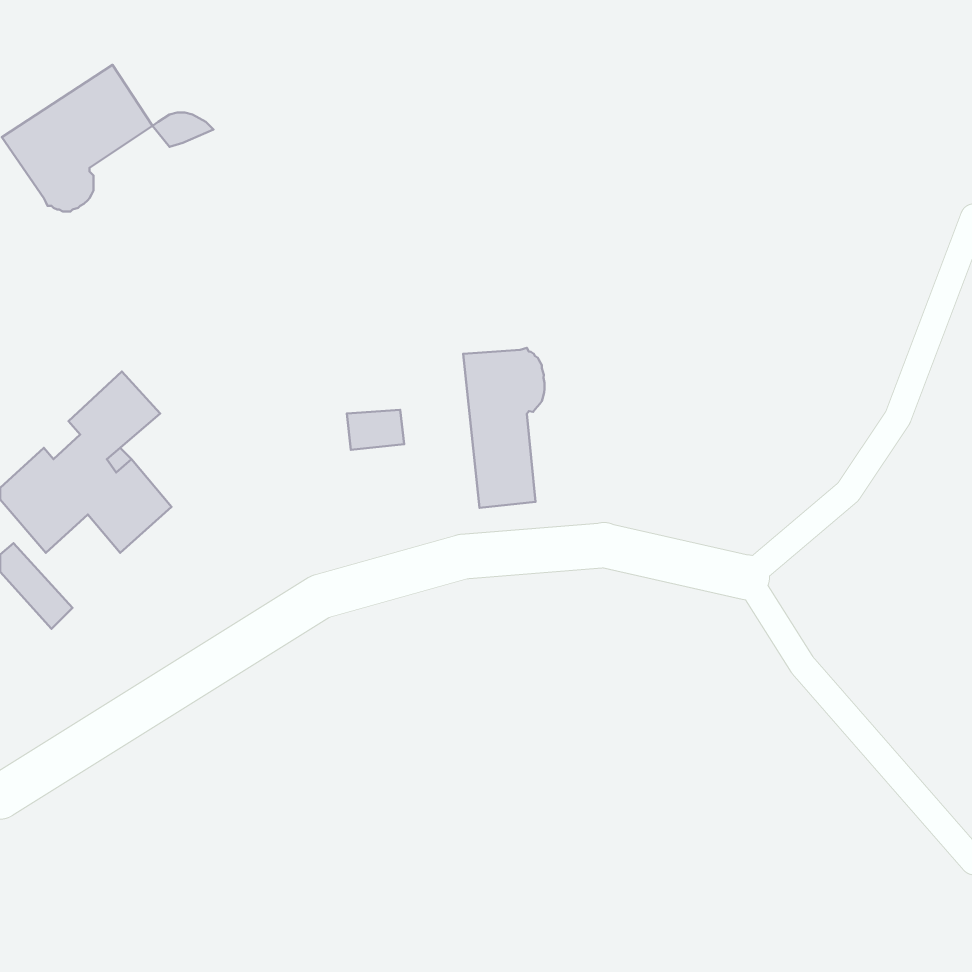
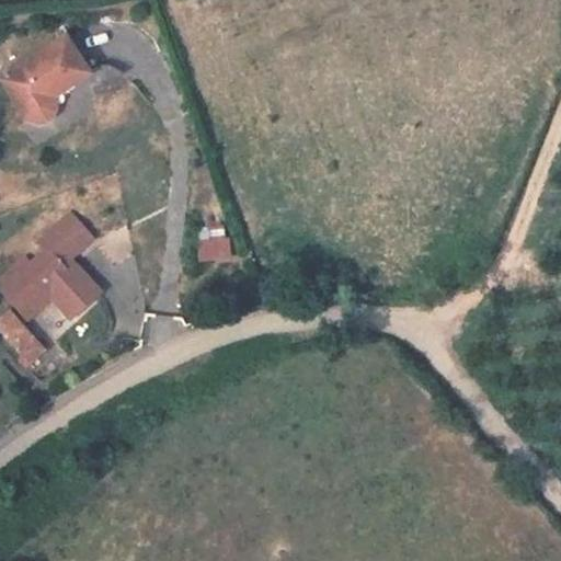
building: [463,348,545,508] -> none

